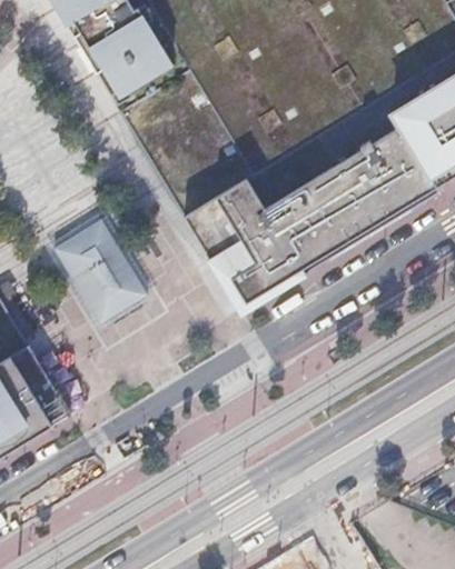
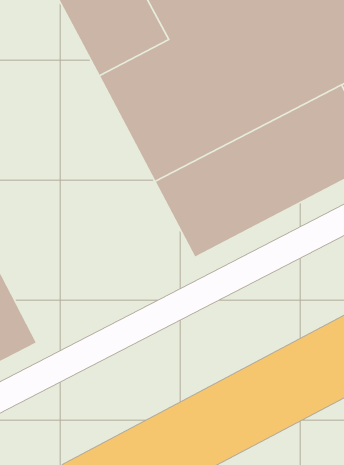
building: [53,217,148,321] -> none

